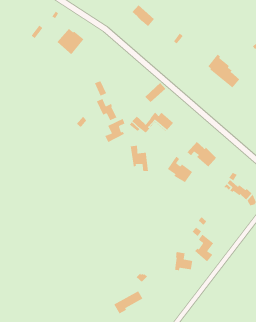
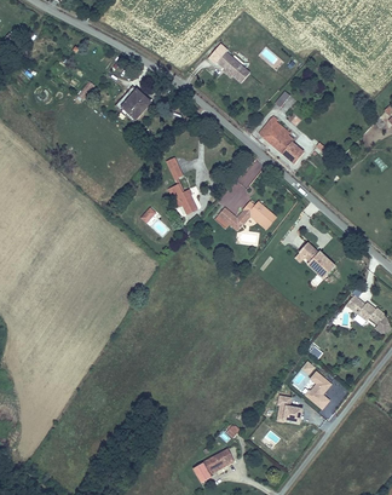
building: [207,54,240,88] -> [259,115,305,163]
building: [104,118,126,143] -> none
building: [130,145,149,172] -> none
building: [167,156,193,183] -> none

